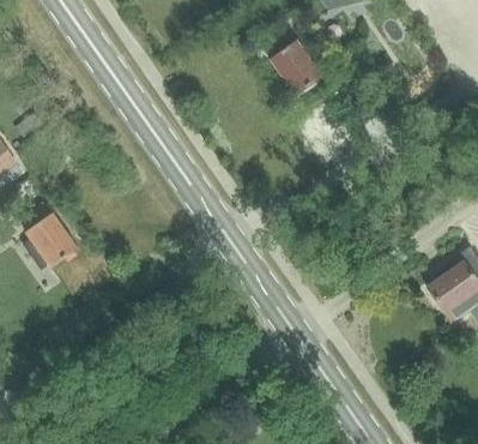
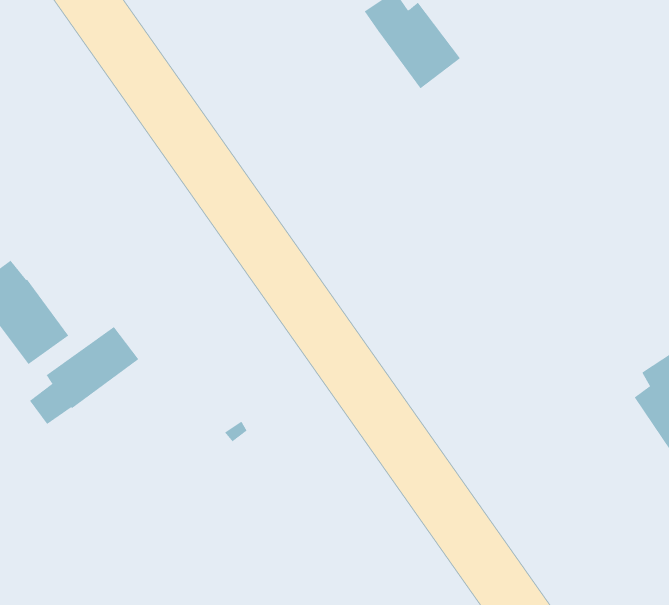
building: none -> [29,326,139,425]

